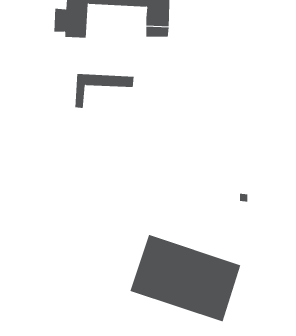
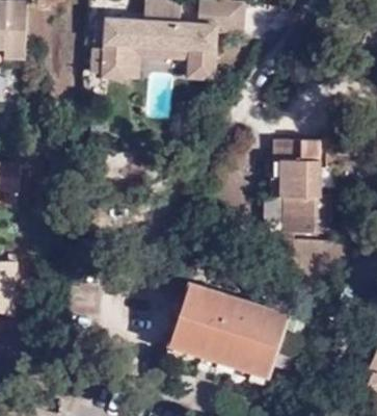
building: [75,73,135,108] -> [126,44,188,80]
building: none -> [274,140,329,233]

